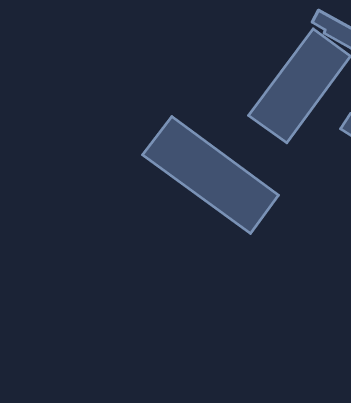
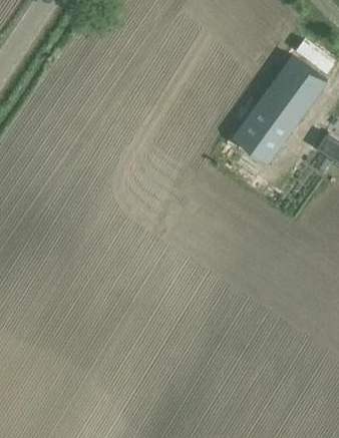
building: [142,116,279,234] -> none

